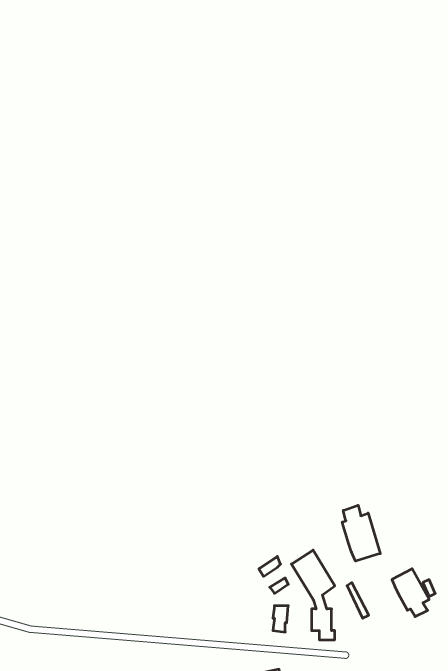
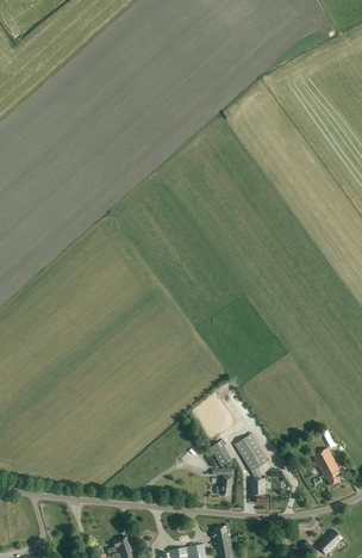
building: [342,505,380,561] -> none

